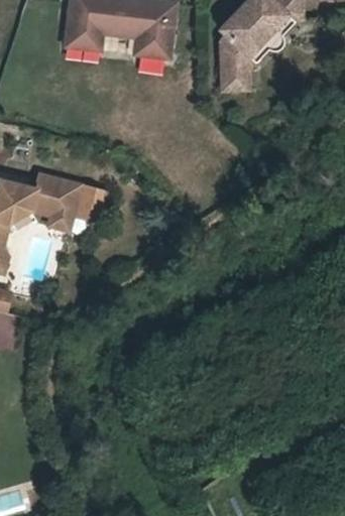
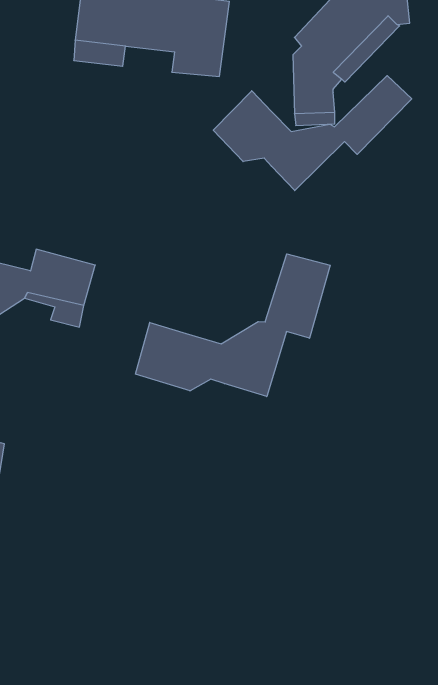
building: none -> [213,76,412,191]
building: none -> [135,254,330,397]

